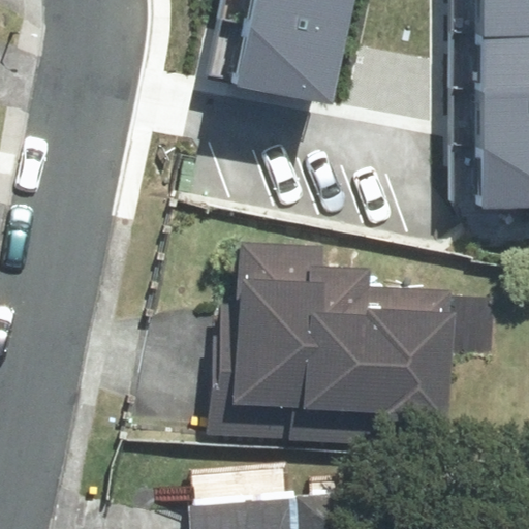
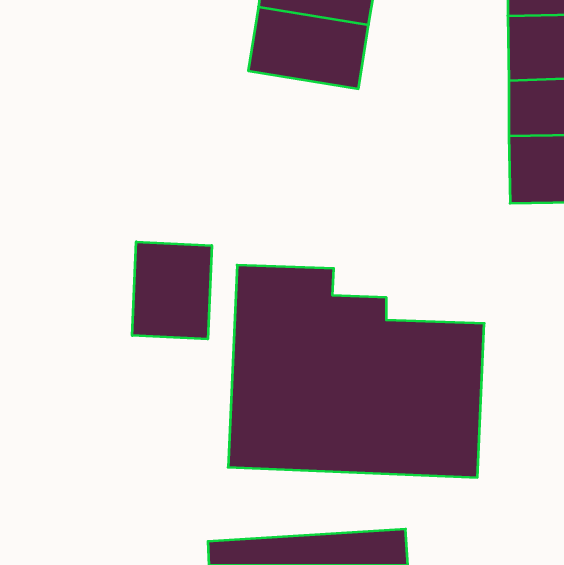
building: none -> [132,242,212,339]

